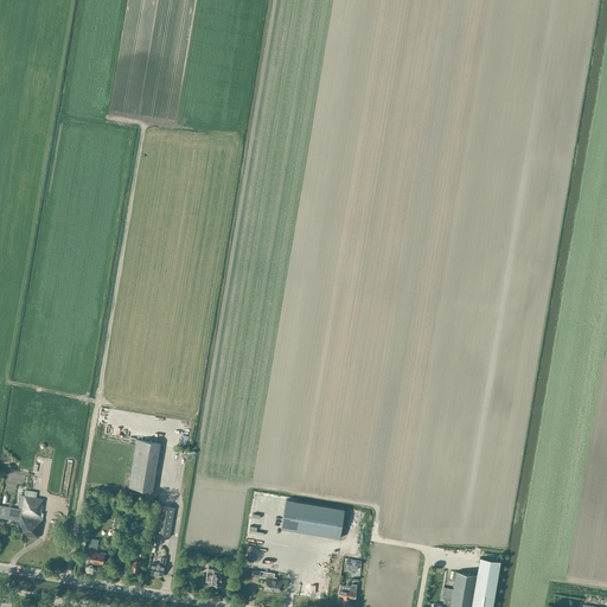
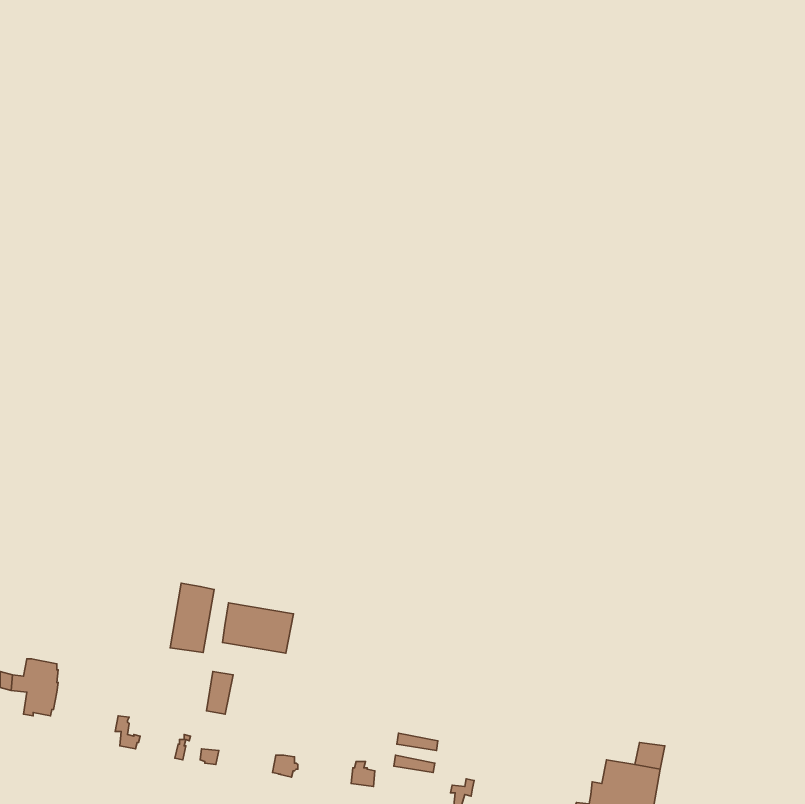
building: none -> [223,603,293,653]
building: [281,500,344,539] -> none

